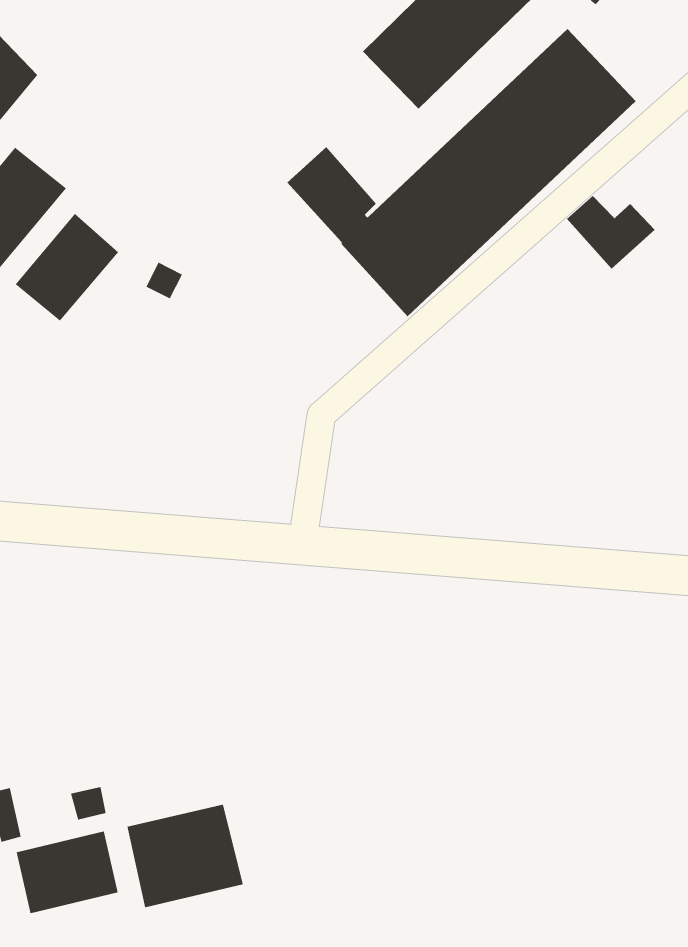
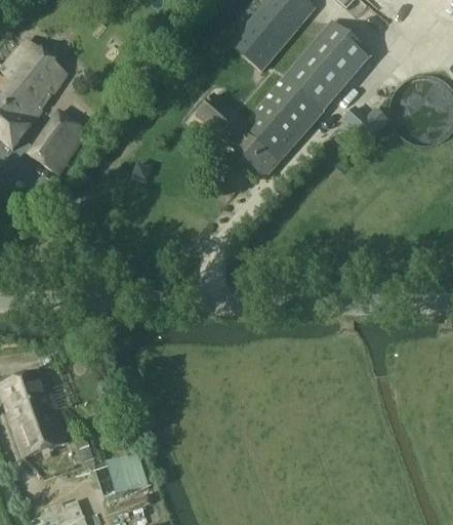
building: [15,213,119,321] -> none
building: [127,804,244,908] -> none

